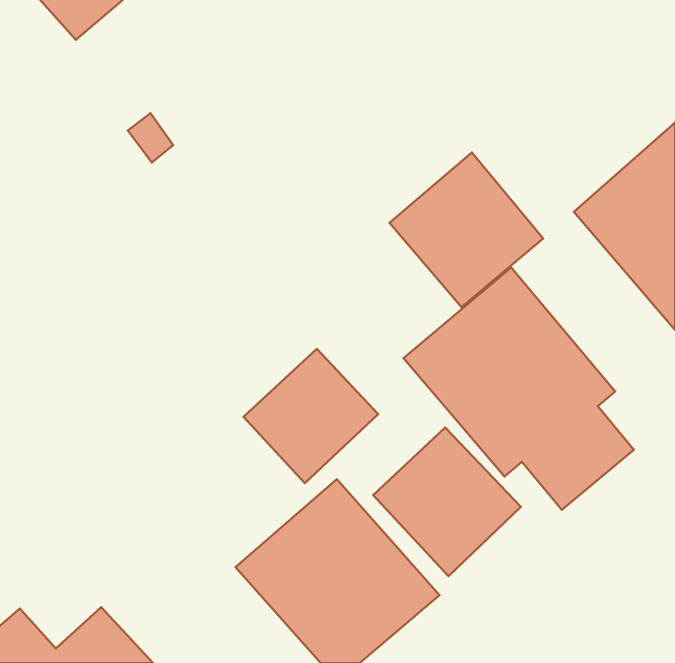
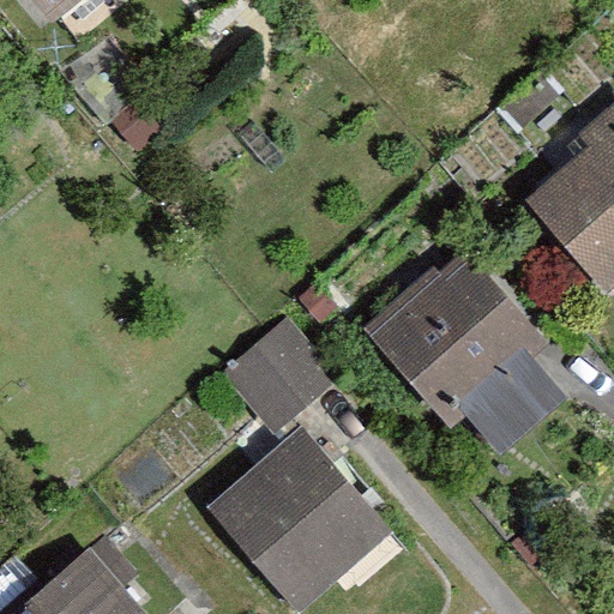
building: [390,153,543,307] -> none
building: [373,427,521,576] -> none

